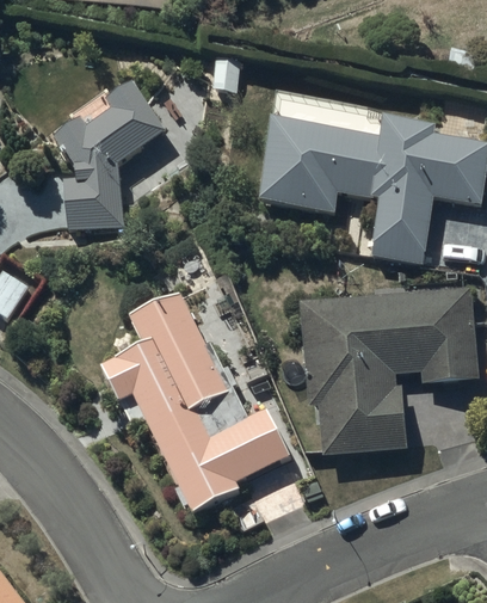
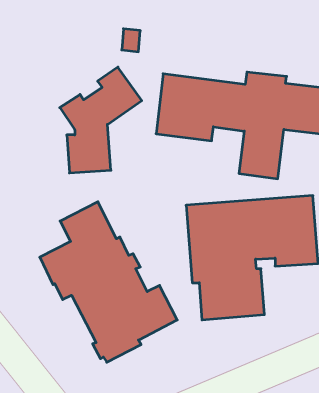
building: [54,82,165,226] -> [60,67,142,173]

